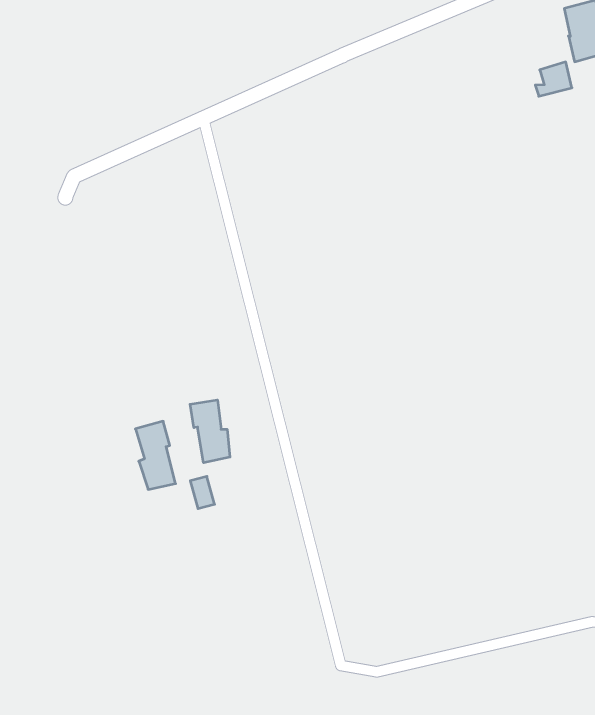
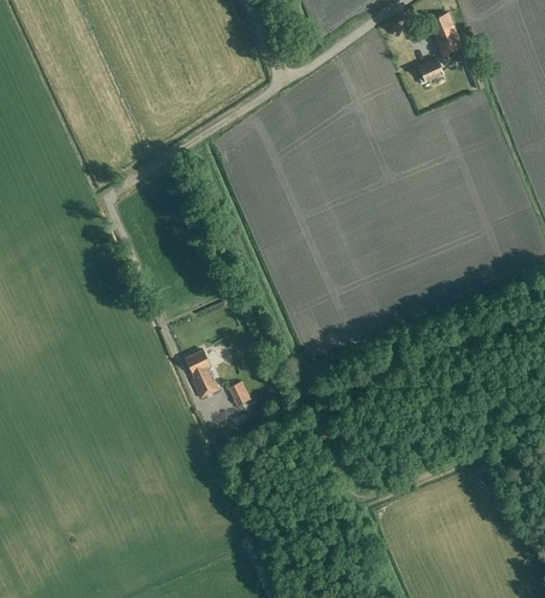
building: [190,400,230,463] -> none

